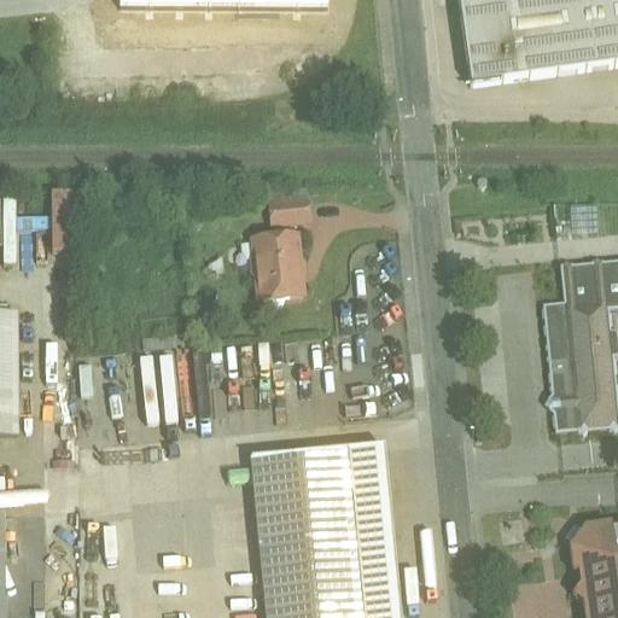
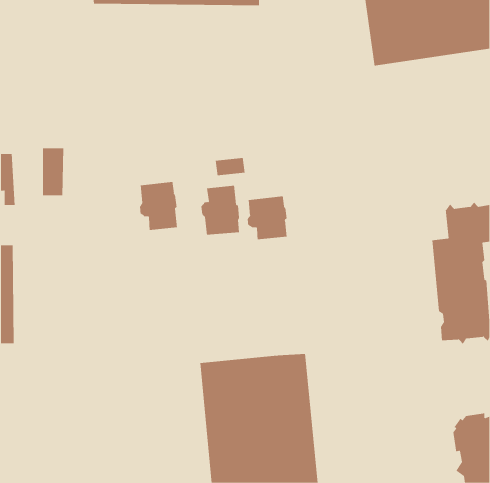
building: none -> [140,181,177,231]
building: none -> [247,196,287,240]

